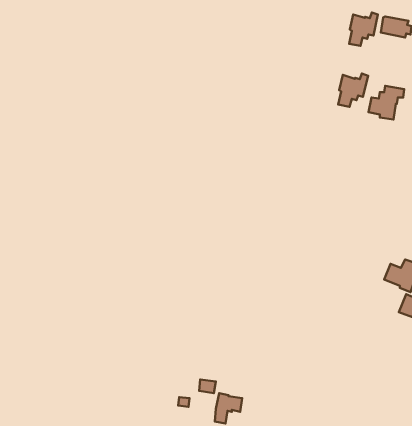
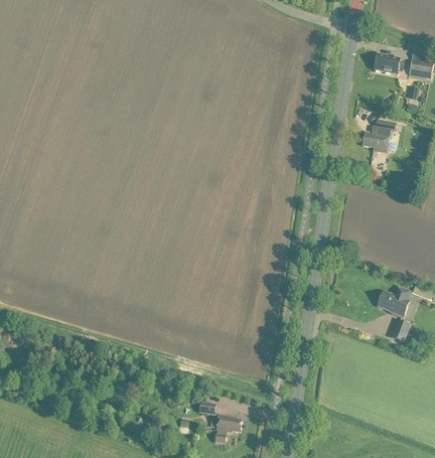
building: [349,12,378,46] -> none
building: [338,74,368,107] -> none

